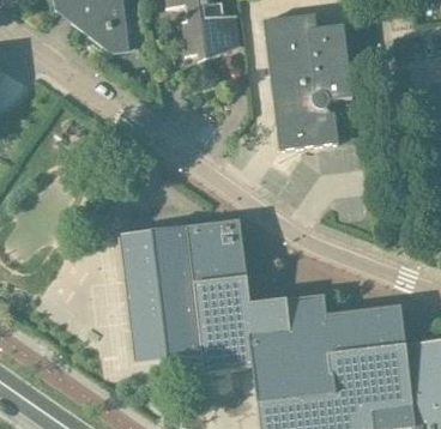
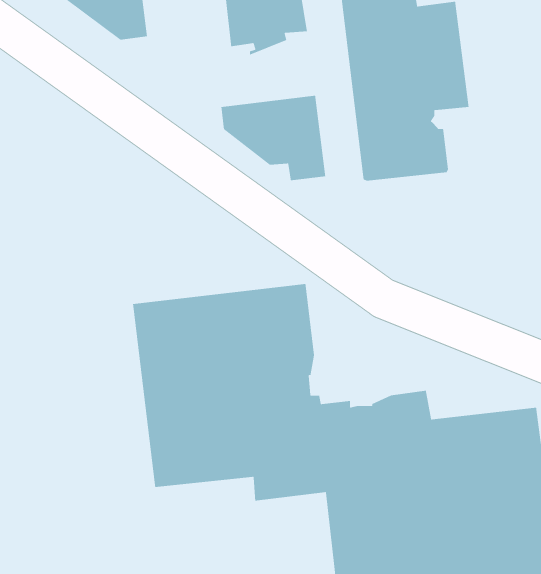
building: none -> [220,95,326,181]

